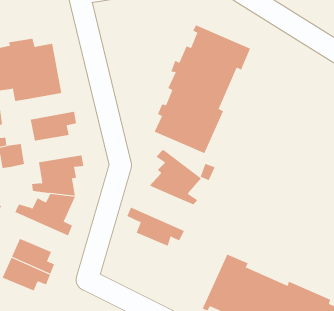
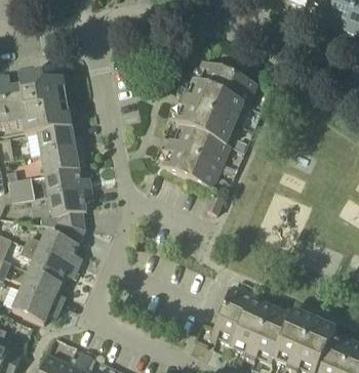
building: none -> [37,126,84,152]
building: none -> [44,167,91,194]
building: [149,149,202,205] -> none
building: [126,207,185,246] -> [21,243,78,282]

